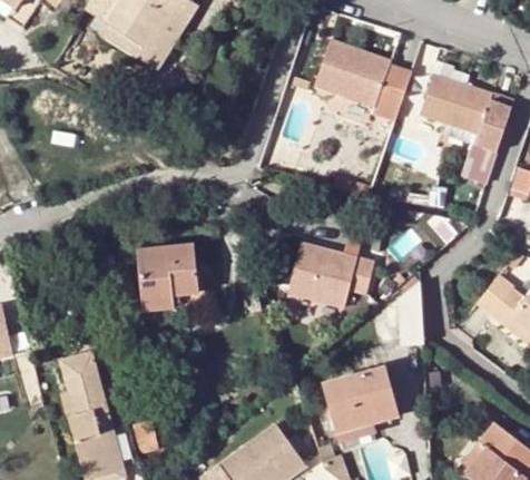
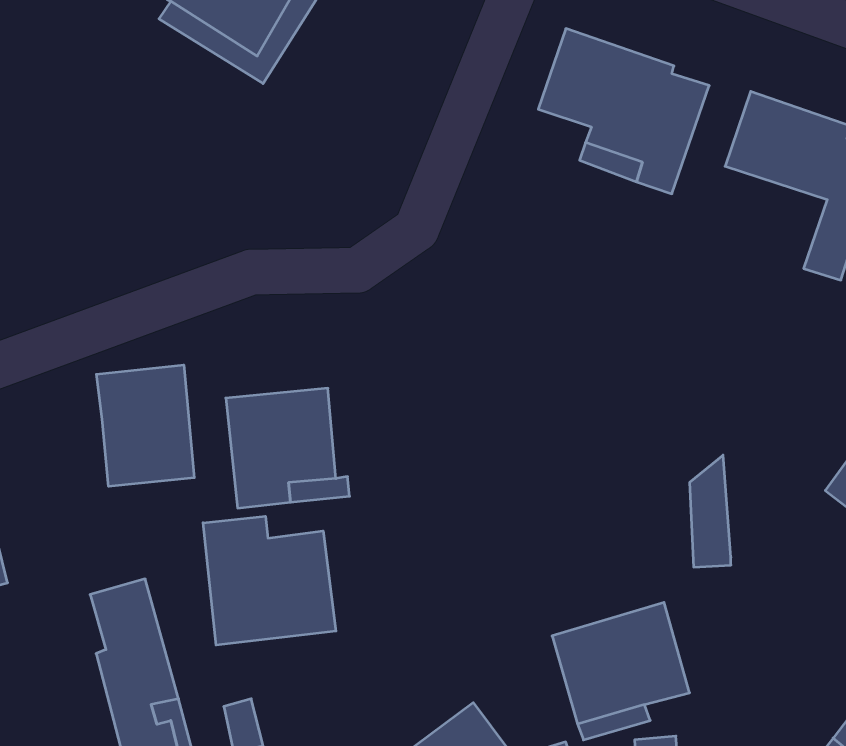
building: none -> [96,365,194,486]
building: [287,241,374,304] -> none
building: none -> [203,516,336,645]

